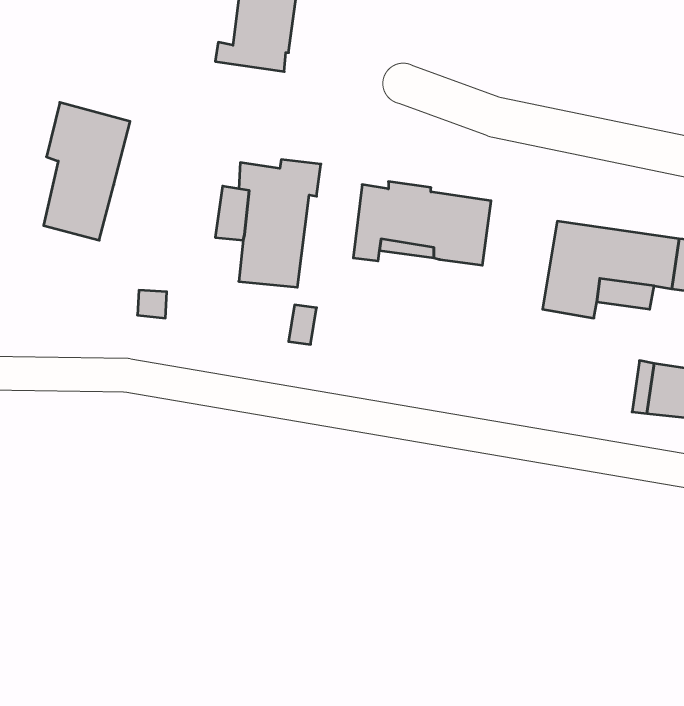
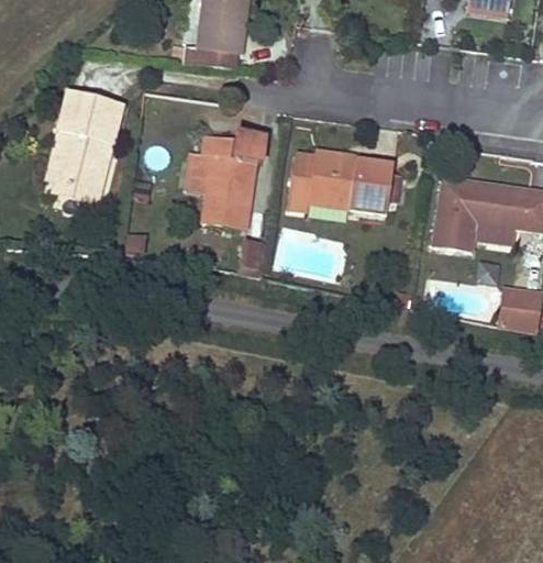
building: none -> [44,130,99,203]

